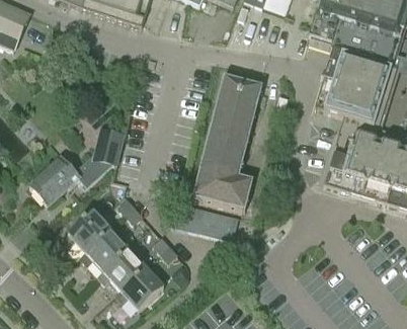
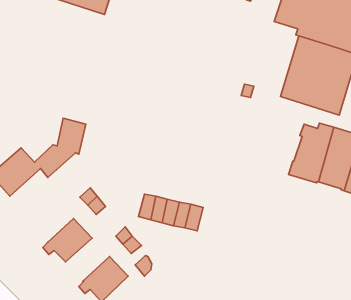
building: [192,75,261,211] -> none
building: [63,209,111,251] -> none
building: [98,247,147,290] -> none

